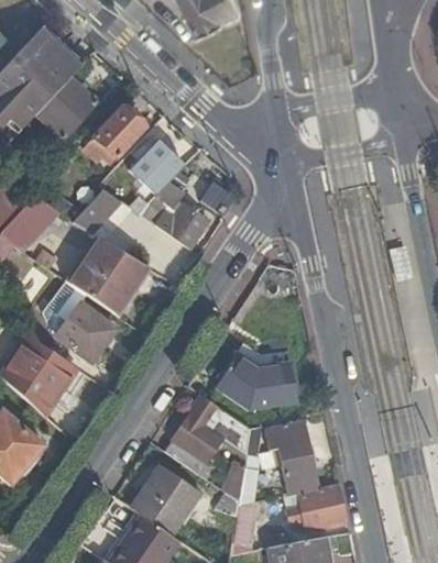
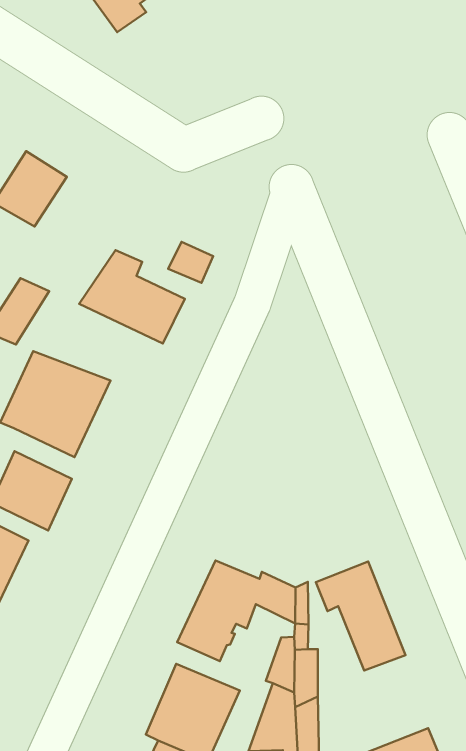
building: [131,140,185,192] -> none
building: [216,358,297,411] -> none
building: [288,485,343,530] -> none

